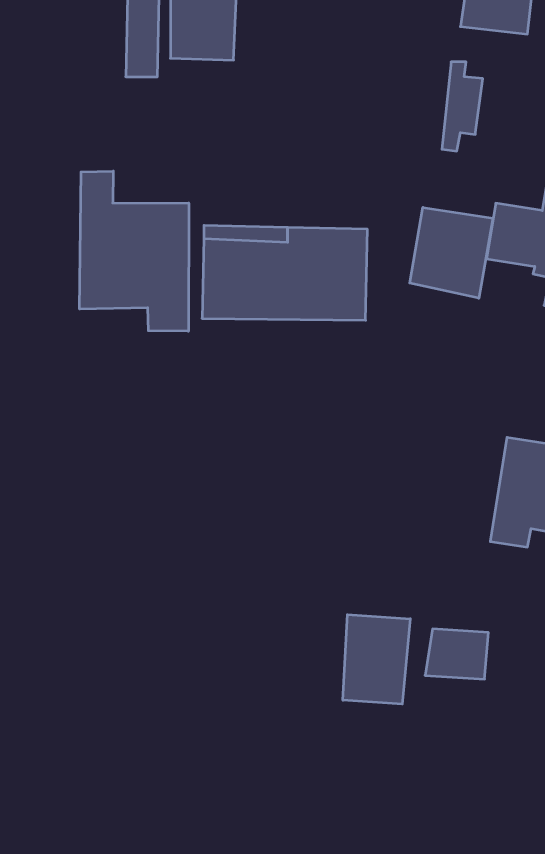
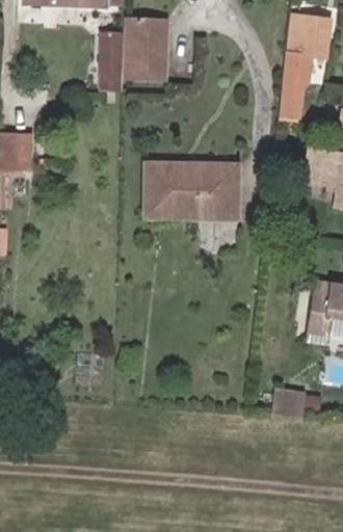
building: [80,171,189,331] -> none
building: [410,207,493,298] -> none
building: [343,615,410,704] -> none

